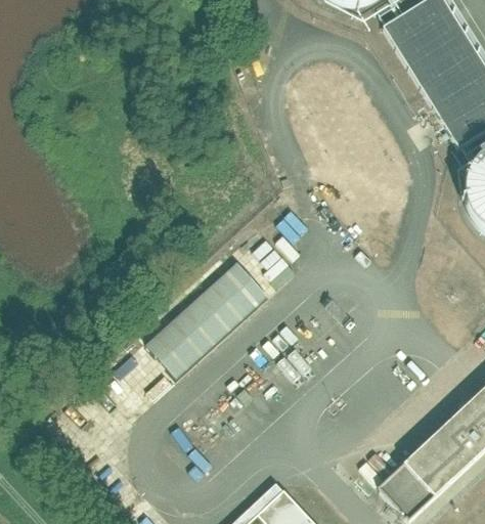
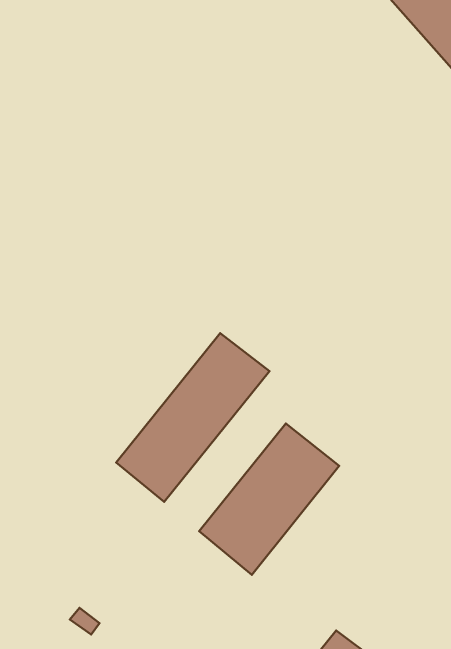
building: none -> [199,424,339,575]

